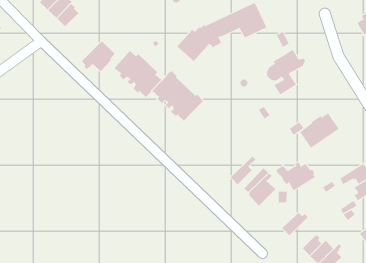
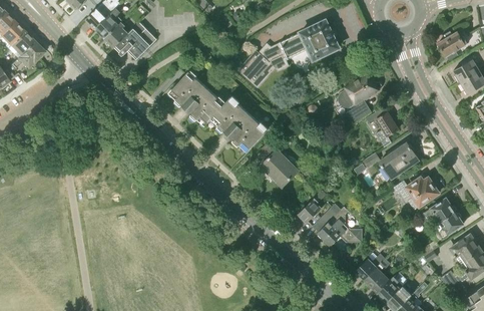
building: [81,40,115,72] -> [116,23,154,58]
building: none -> [367,112,398,146]
building: none -> [261,133,299,188]
building: [275,161,316,191] -> [394,177,439,210]
building: none -> [364,259,390,293]

